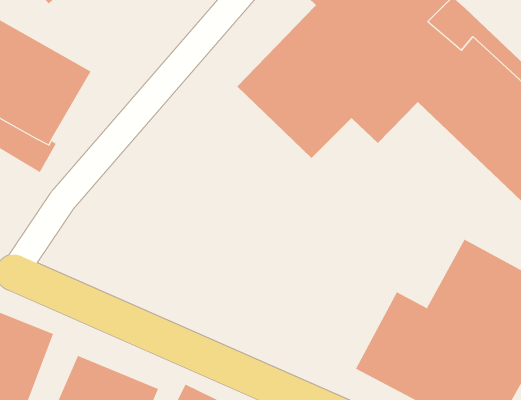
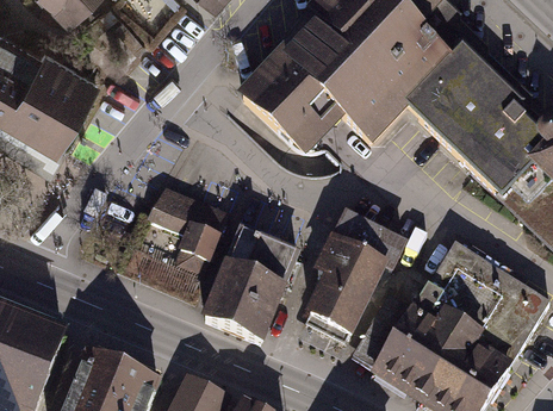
building: none -> [144,188,224,263]
building: none -> [306,212,404,341]
building: none -> [205,232,299,344]

